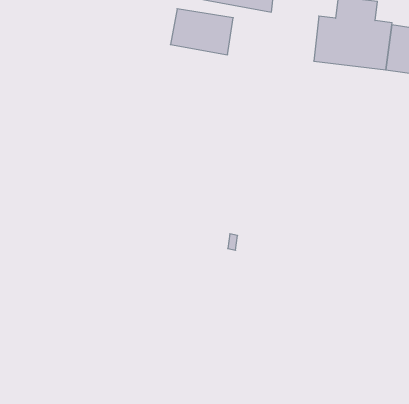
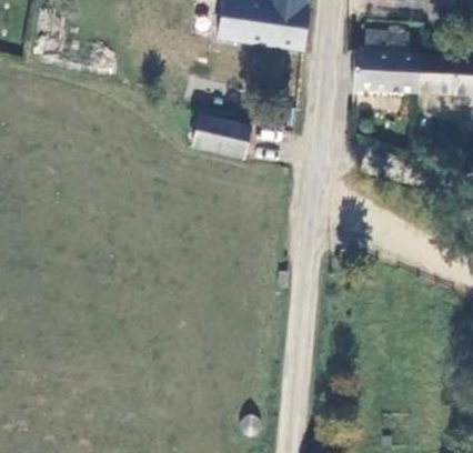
building: [170,9,233,55] -> [192,114,252,157]

